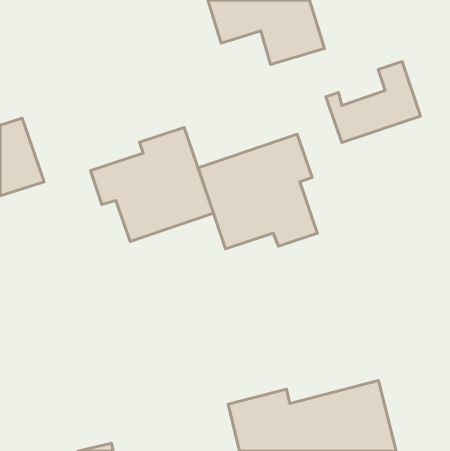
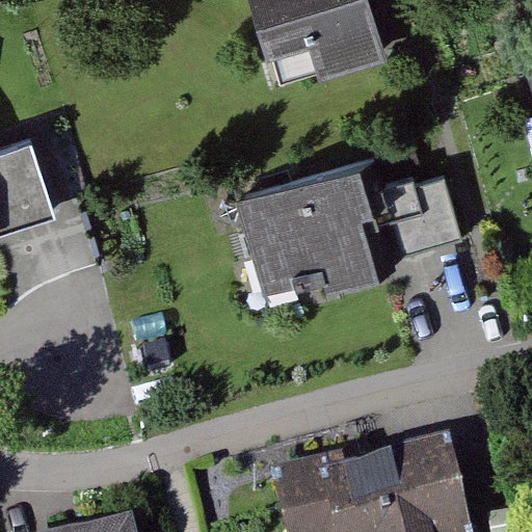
building: [326,61,421,143] -> [354,172,466,268]
building: [90,127,213,242] -> none

